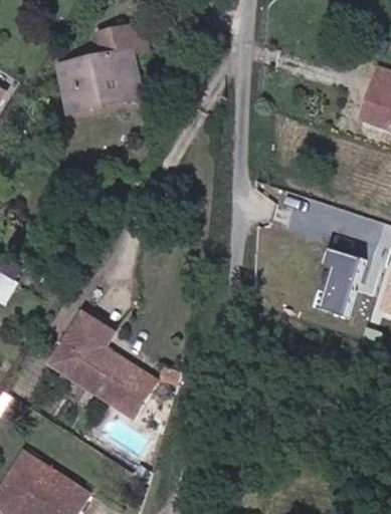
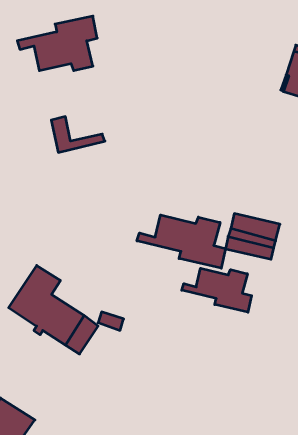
building: [64,65,126,106] -> [51,117,105,152]
building: none -> [137,215,226,268]
building: none -> [182,268,252,312]

